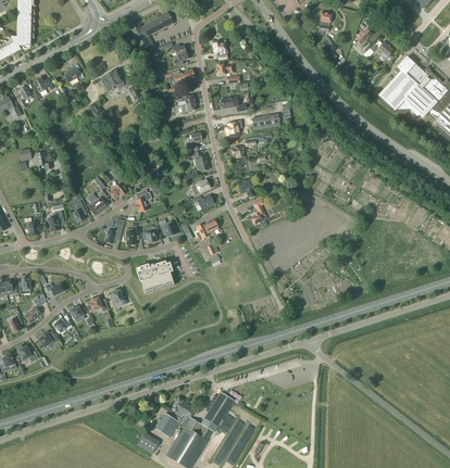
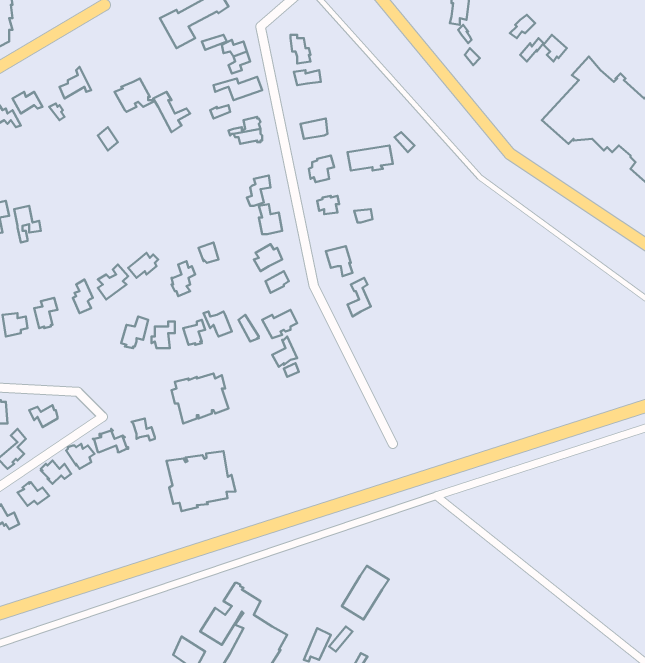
building: none -> [166,451,236,511]
building: [202,392,233,427] -> [342,566,389,620]

